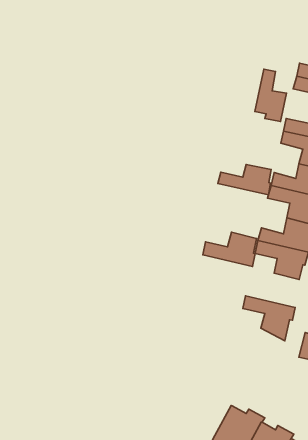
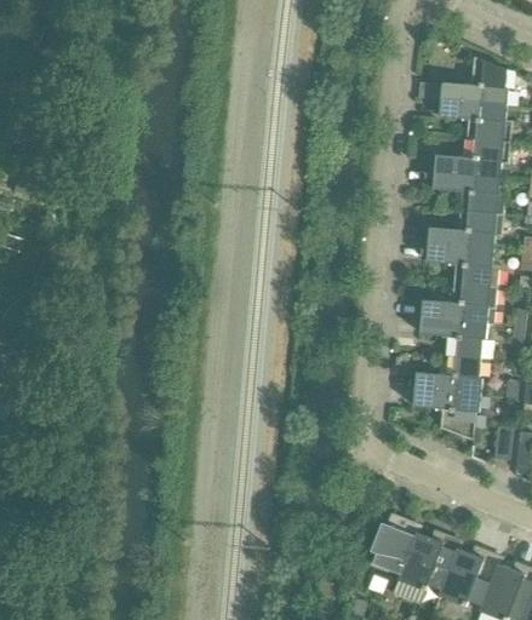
building: [255,69,286,121] -> none
building: [218,164,271,195] -> none
building: [203,232,256,266] -> [414,355,481,395]
building: none -> [370,512,421,573]

